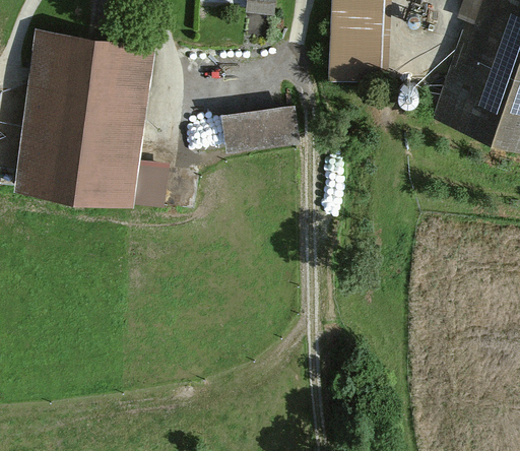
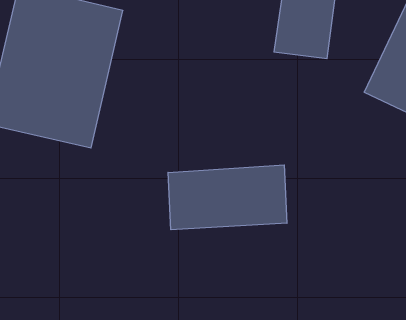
building: [219,104,300,154] -> none
building: none -> [168,165,287,230]

